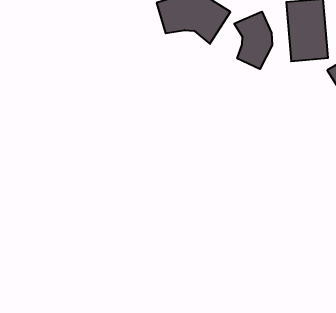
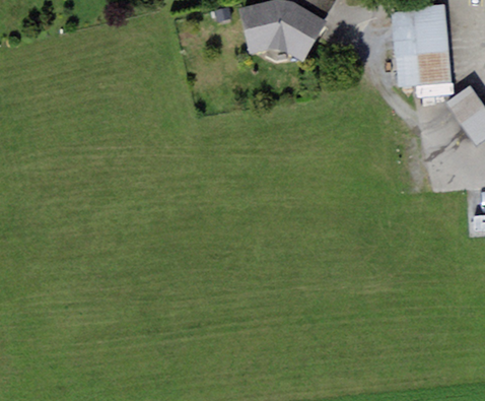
building: [234,12,272,69] -> none

